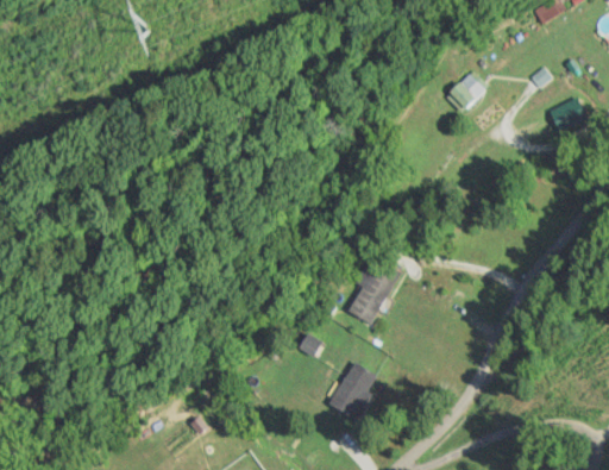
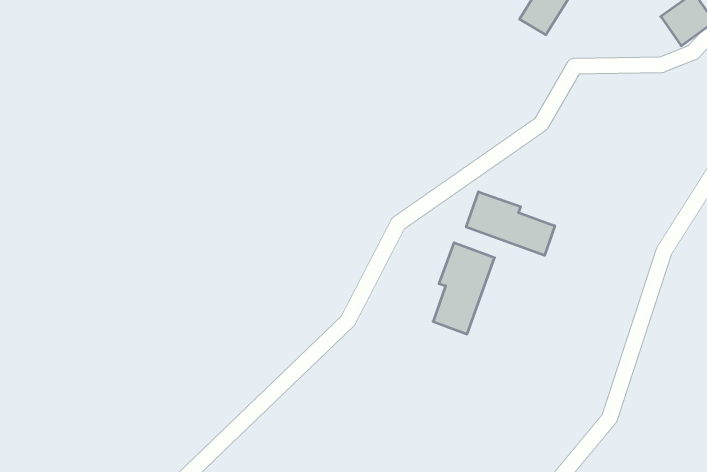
building: none -> [466,192,555,255]
building: [331,363,376,419] -> none

